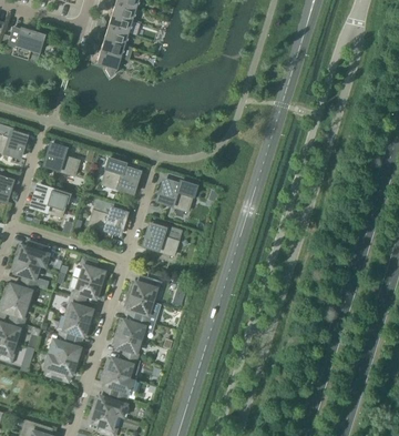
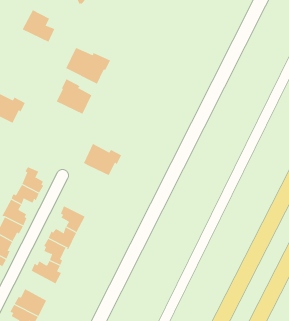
building: none -> [65,47,111,85]
building: [42,142,78,174] -> [22,10,55,42]
building: [156,173,196,211] -> none
building: [90,199,126,235] -> none
building: [129,274,160,302] -> none
building: [102,369,134,398] -> none

